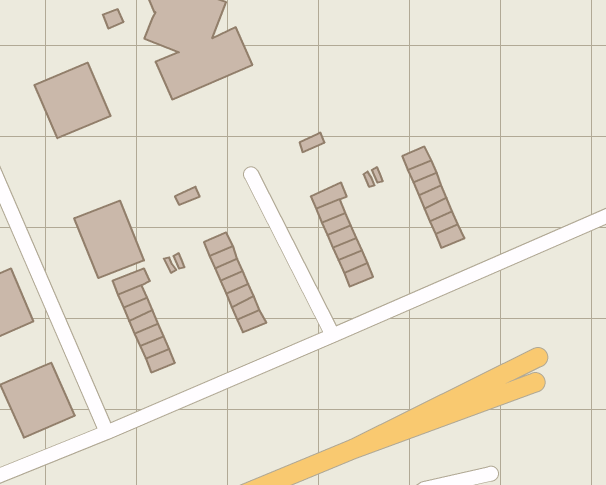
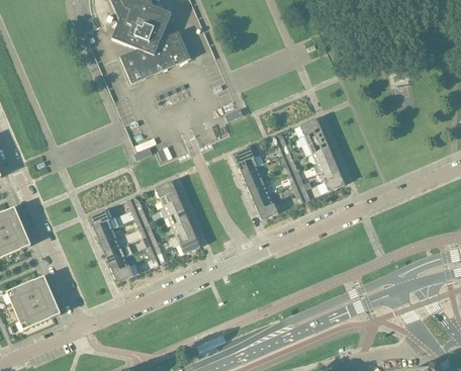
building: [34,63,111,138] -> none
building: [74,201,144,278] -> none

